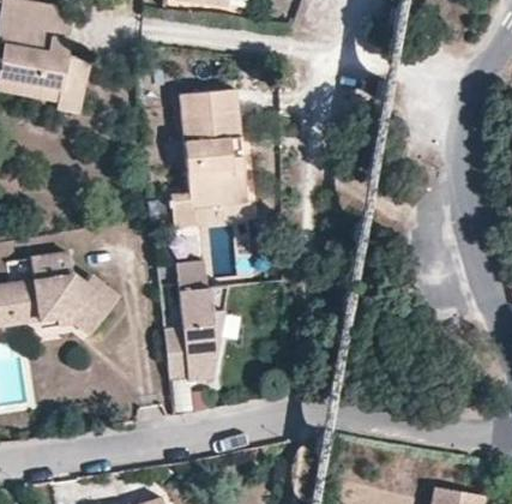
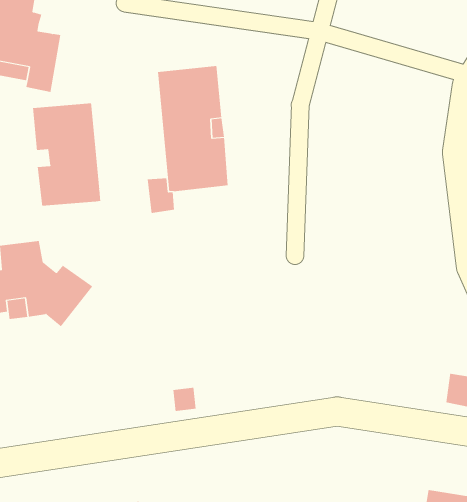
building: none -> [32,102,101,206]
building: [164,262,228,382] -> none

